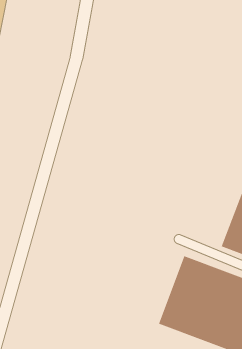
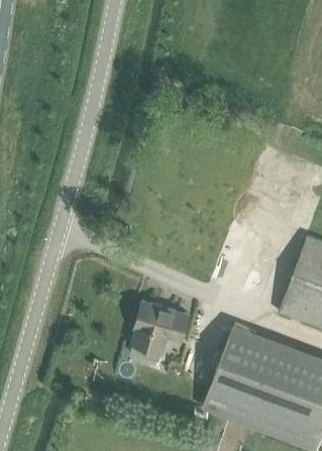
building: none -> [132,303,189,354]

